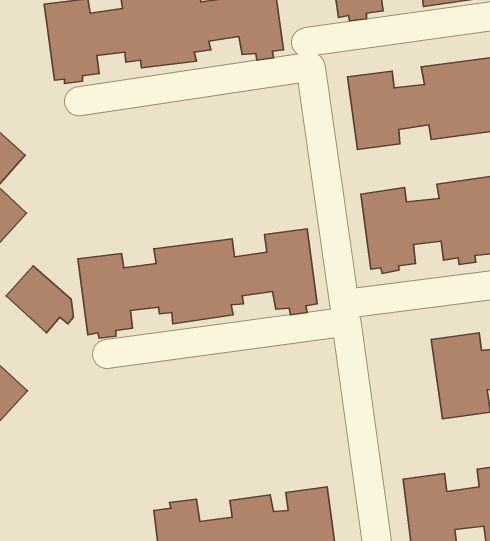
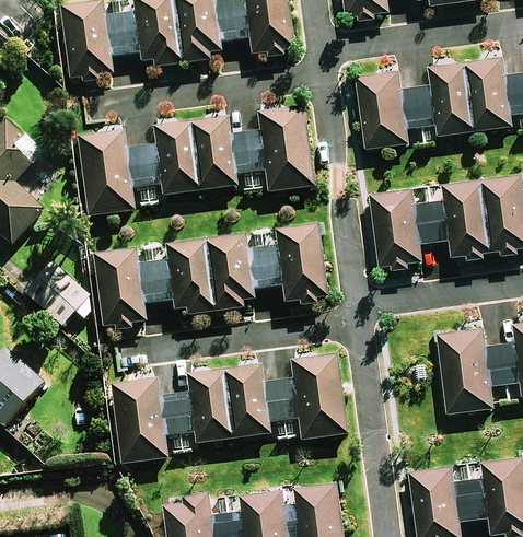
building: none -> [80,106,309,215]
building: none -> [112,355,344,464]

